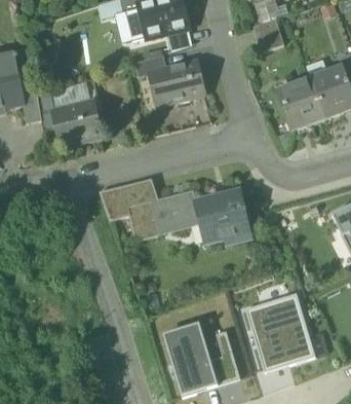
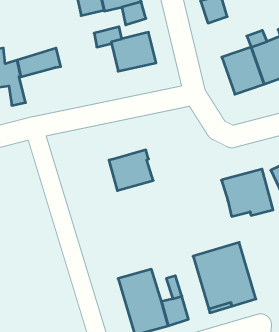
building: [52,99,102,146] -> none
building: [101,179,161,242] -> none
building: [194,189,251,242] -> [221,169,273,216]

